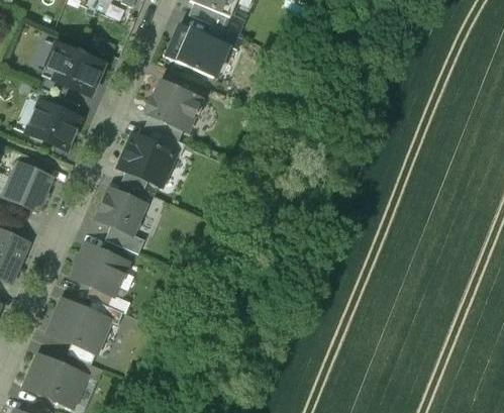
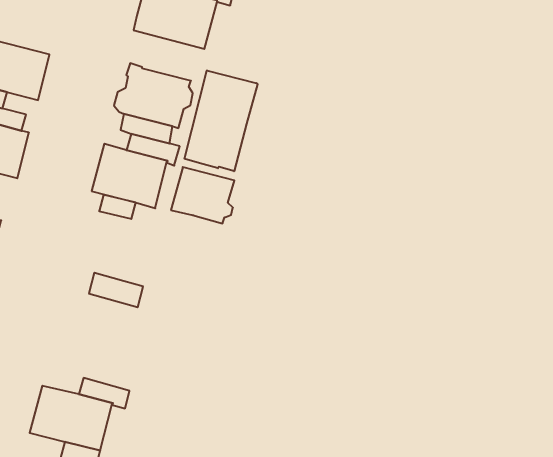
building: none -> [184,70,258,171]
building: [96,190,144,234] -> [171,167,234,223]
building: [72,245,127,296] -> none

